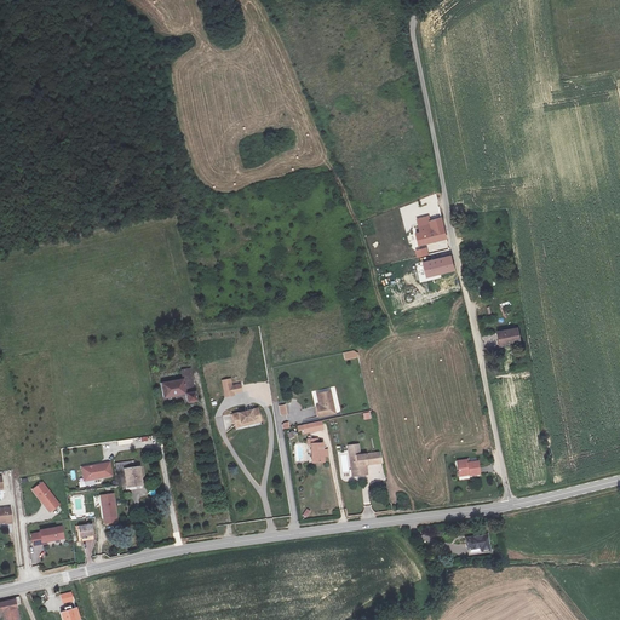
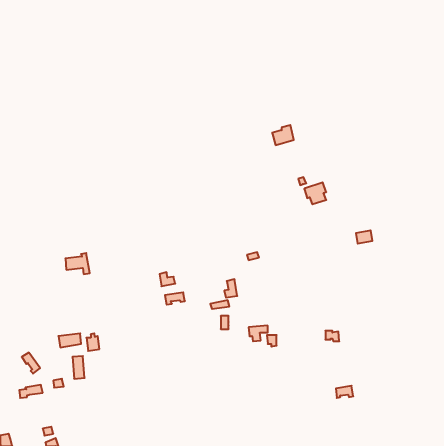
building: [415,214,446,242] -> [272,125,294,145]
building: [161,371,195,400] -> [65,253,90,274]

